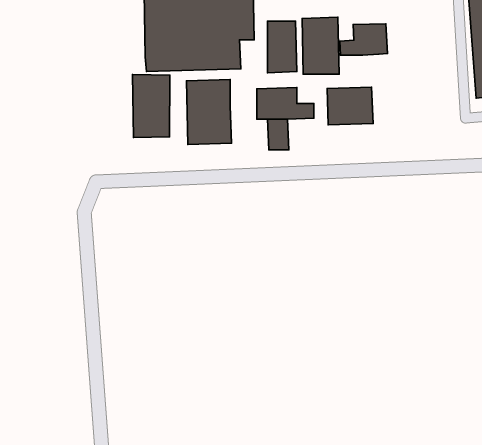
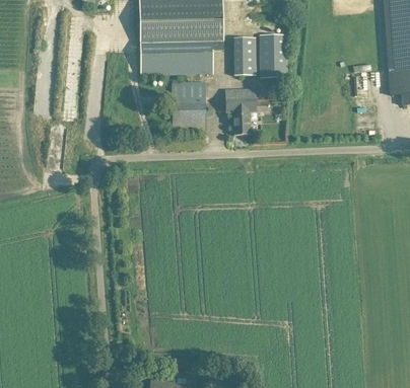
building: [340,24,388,55] -> none
building: [132,74,170,138] -> none
building: [327,87,373,125] -> none

